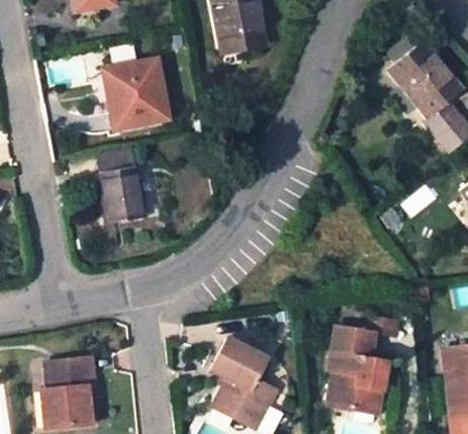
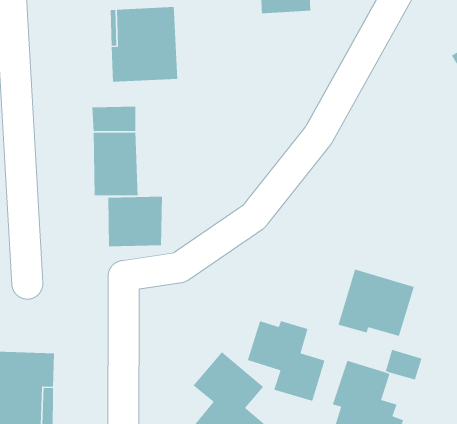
building: none -> [107,196,163,247]
building: none -> [337,268,415,337]
building: none -> [247,320,325,402]

